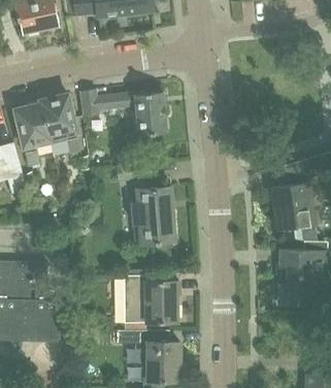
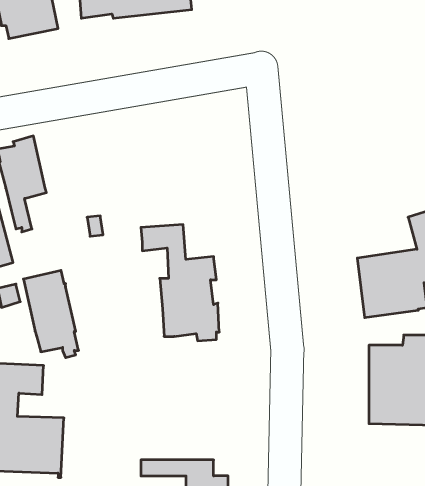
building: [78,89,167,134] -> none
building: [40,95,79,157] -> [23,270,79,358]
building: [123,276,177,324] -> none

